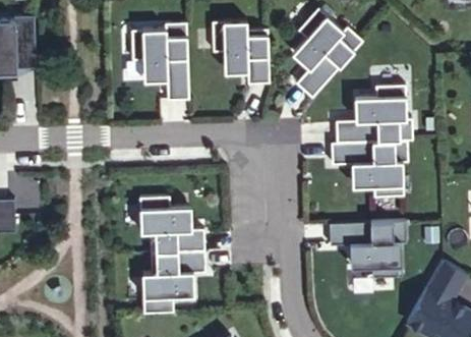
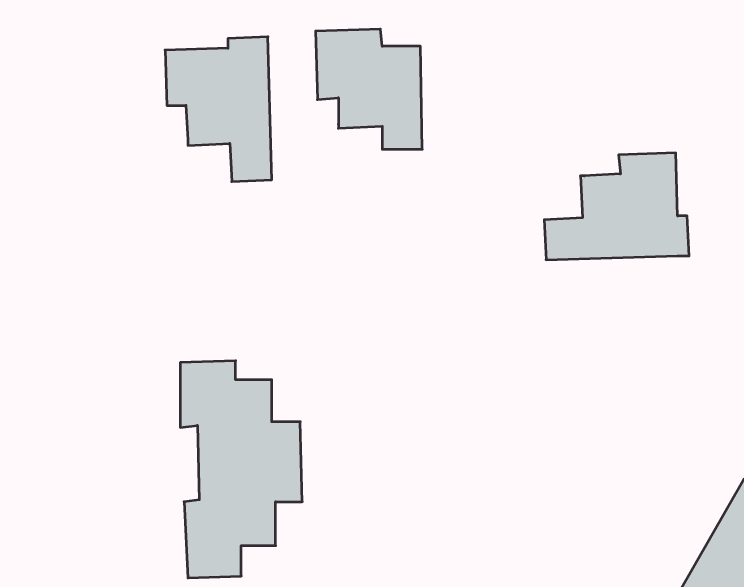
building: [292,8,363,99] -> none
building: [330,141,407,198] -> none
building: [329,222,406,278] -> none

